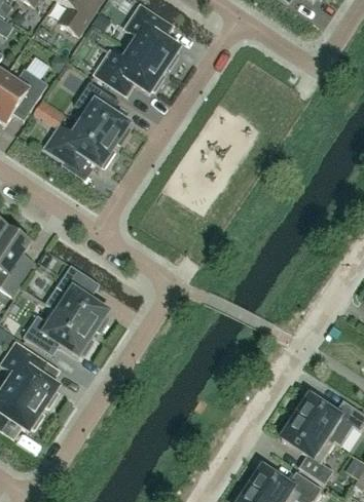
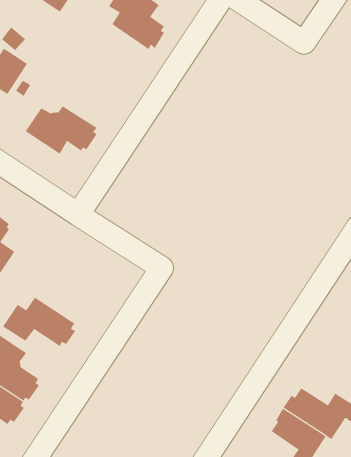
building: [95,45,165,95] -> none
building: [74,80,130,145] -> none
building: [45,264,109,333] -> none

